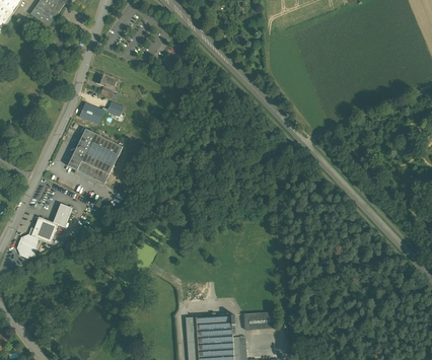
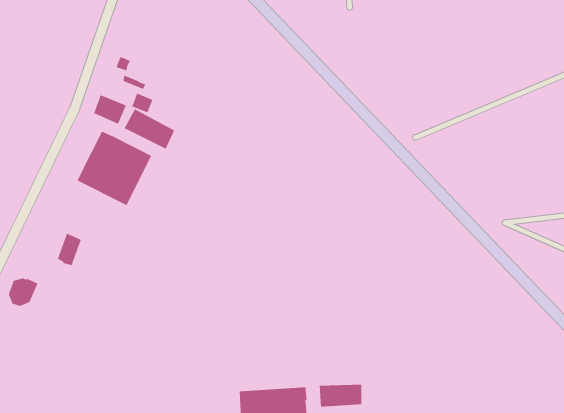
building: none -> [124,108,175,150]
building: [30,217,57,243] -> none

